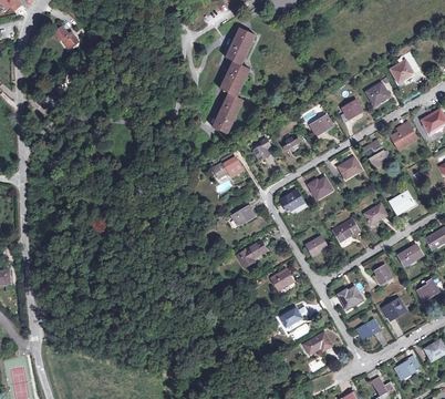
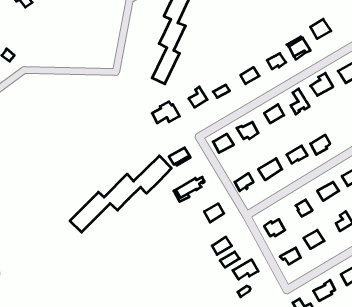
building: none -> [70,156,171,232]

